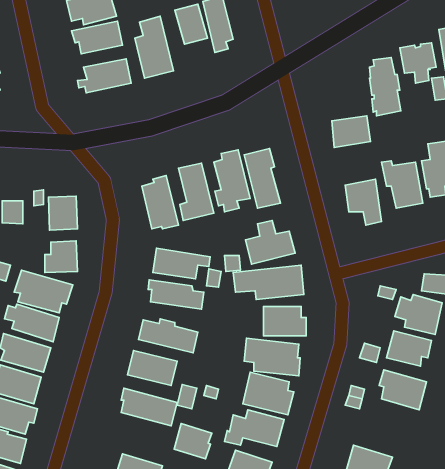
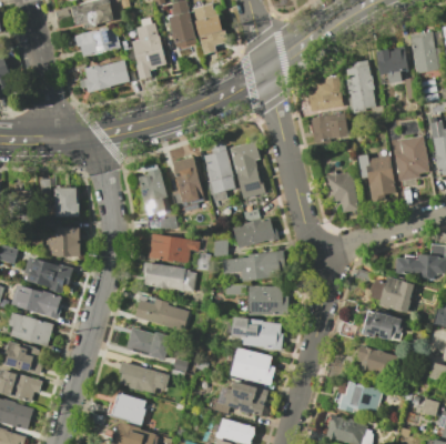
building: none -> [307,77,343,111]
building: none -> [338,381,382,414]
building: [174,424,212,459] -> [112,392,146,424]

